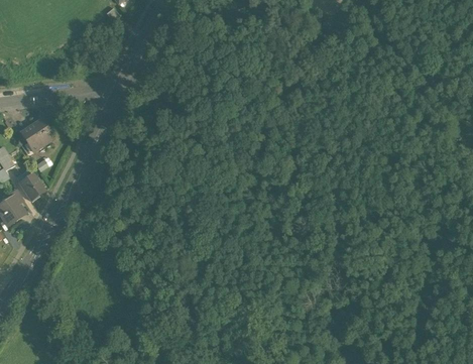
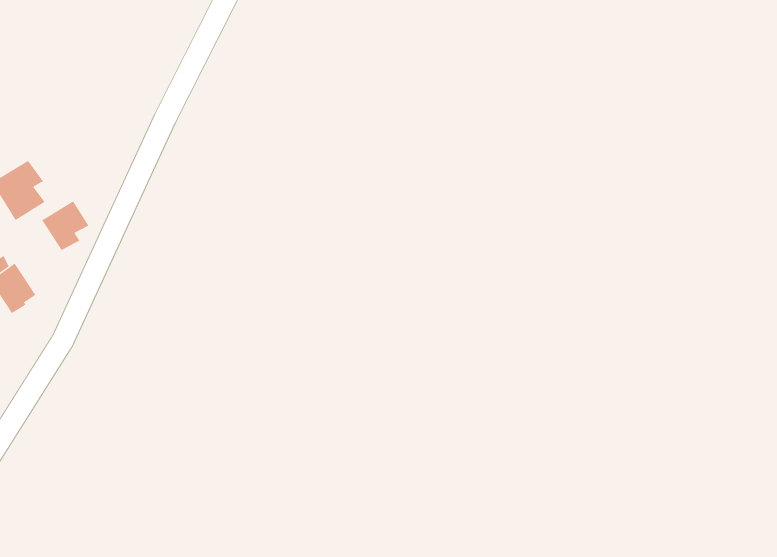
building: none -> [41,200,89,251]

